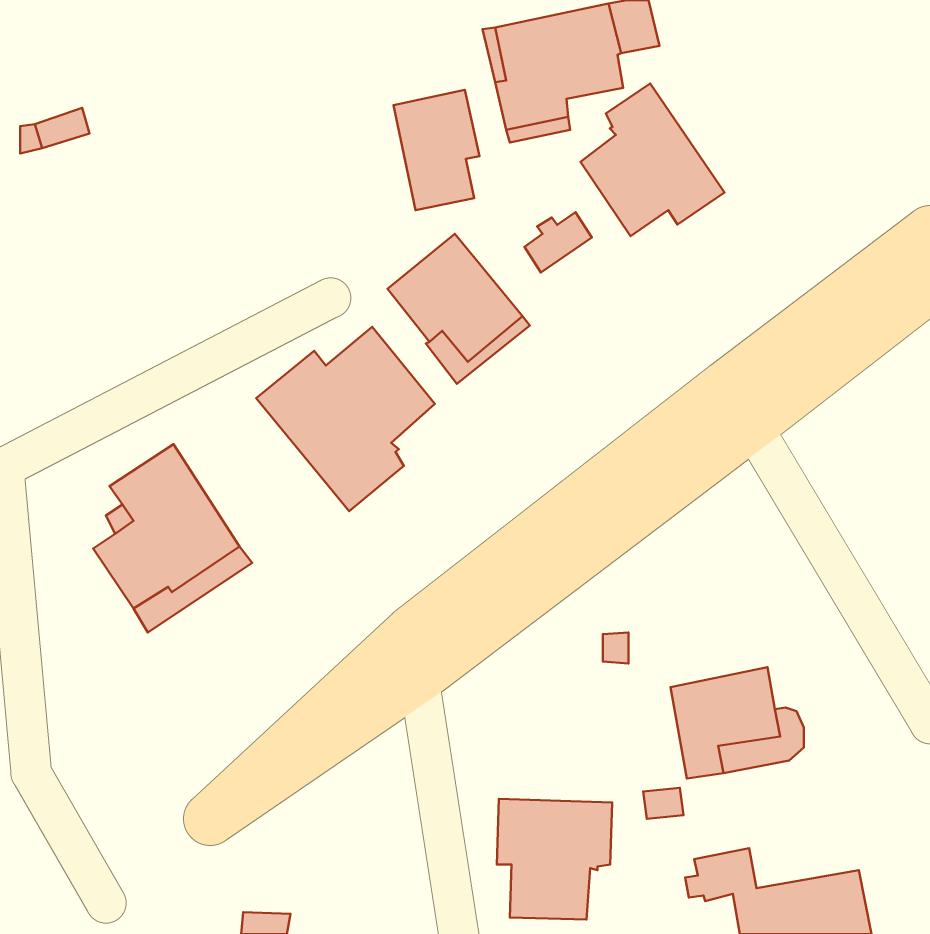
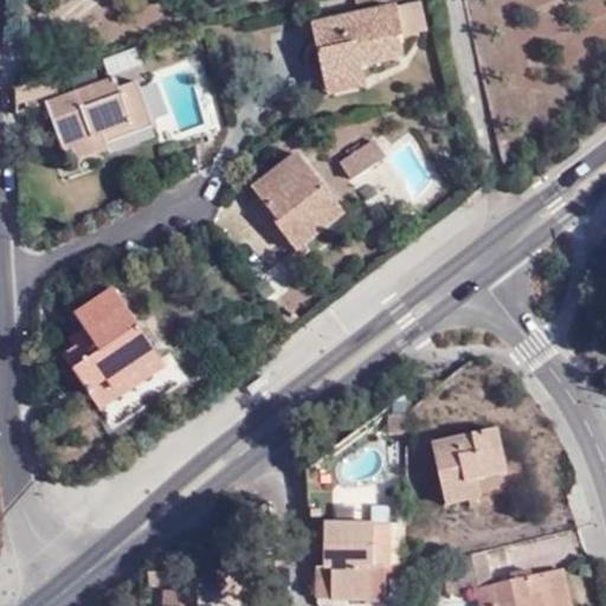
building: [581,84,724,236] -> none
building: [393,90,480,210] -> none
building: none -> [45,78,152,161]
building: [256,327,435,511] -> none

